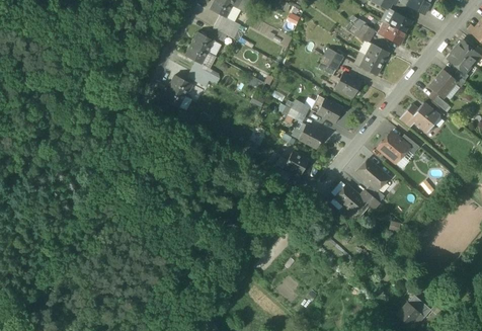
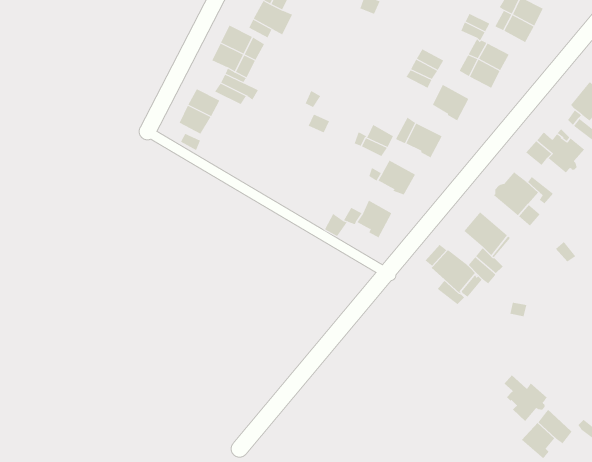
building: none -> [504,375,547,422]

